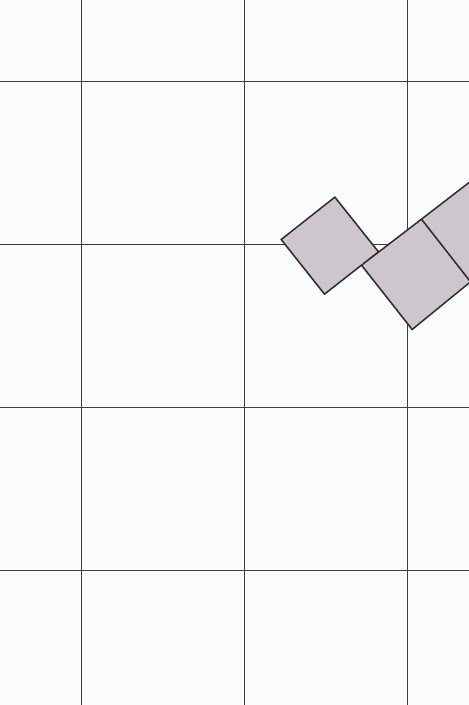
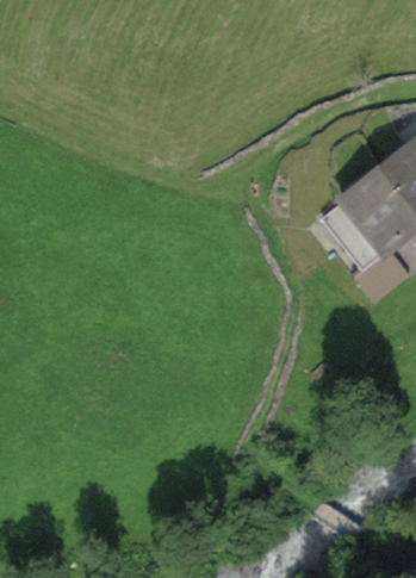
building: [281,197,378,294] -> none

